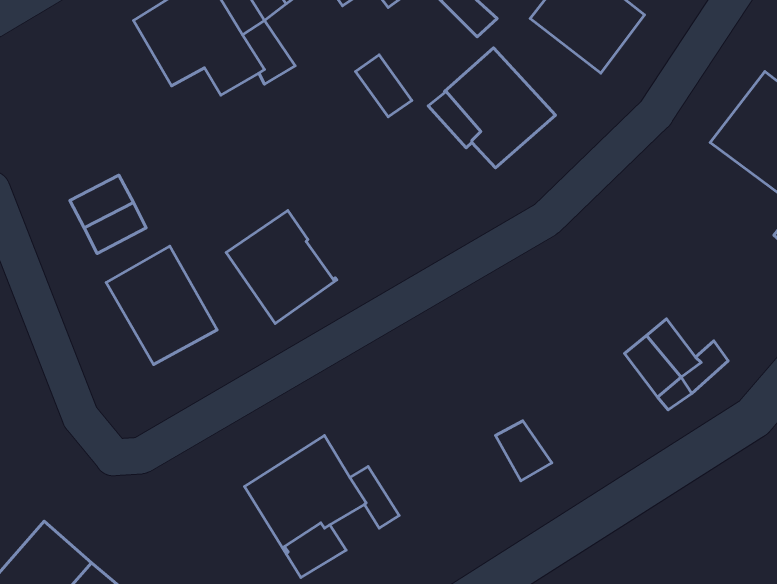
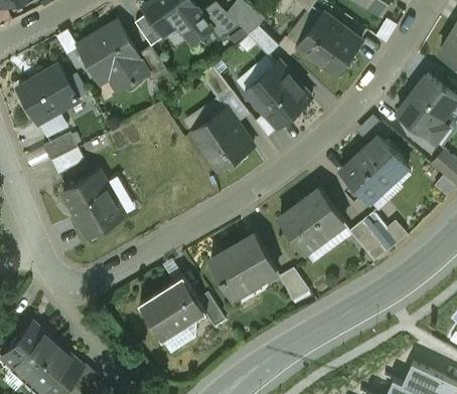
building: none -> [17,66,79,124]
building: none -> [340,136,408,202]
building: [226,211,337,323] -> [191,110,253,172]
building: none -> [279,189,344,252]
building: none -> [209,234,277,298]

